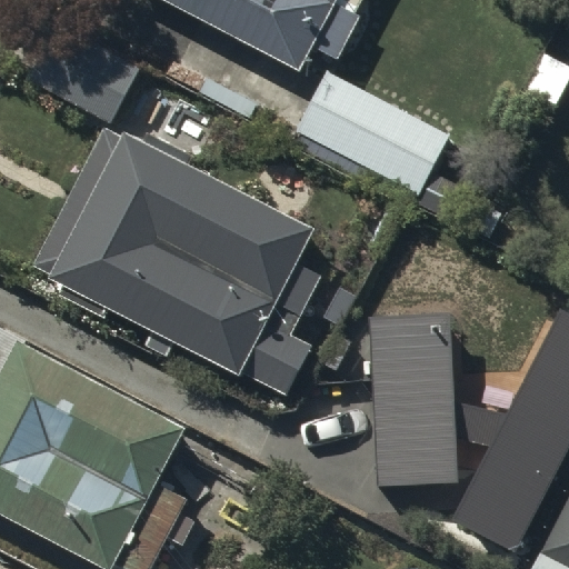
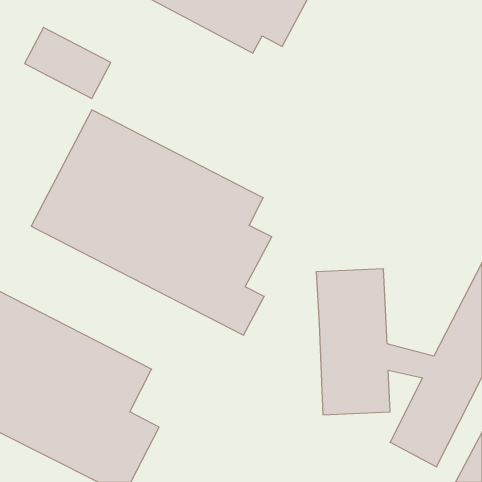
building: [296,72,447,196] -> none

